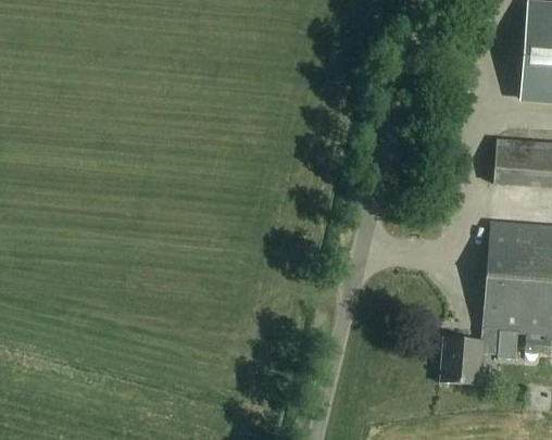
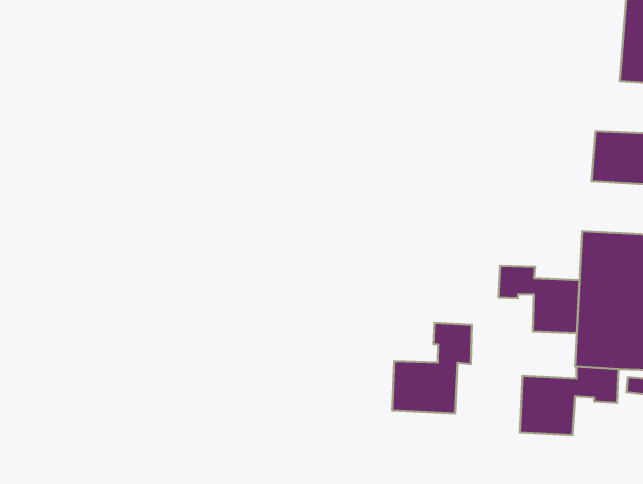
building: none -> [499,266,579,333]
building: none -> [392,323,472,413]

